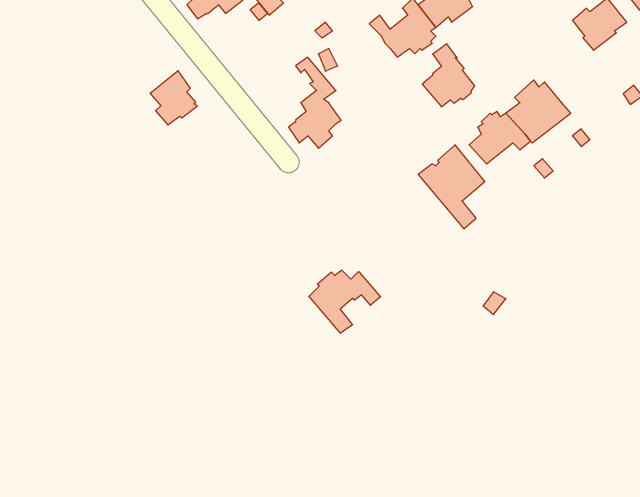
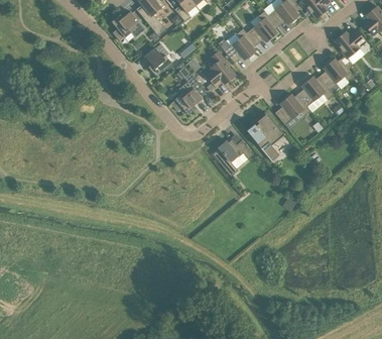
building: [422,44,475,107] -> [205,49,235,86]
building: none -> [319,58,354,88]
building: [150,71,197,125] -> [145,42,172,74]
building: [309,270,381,333] -> [213,138,254,175]

